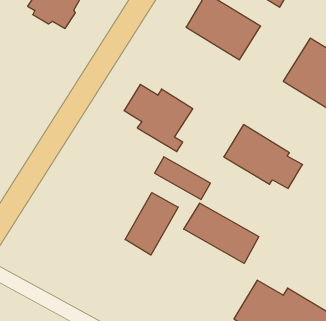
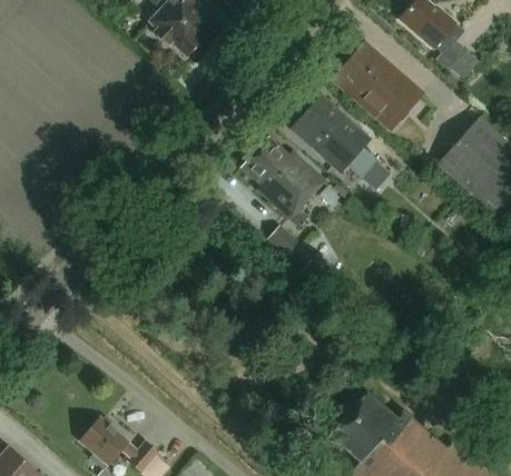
building: [224,125,303,188] -> [291,93,383,179]
building: [125,193,178,255] -> none
building: [184,203,259,263] -> none

